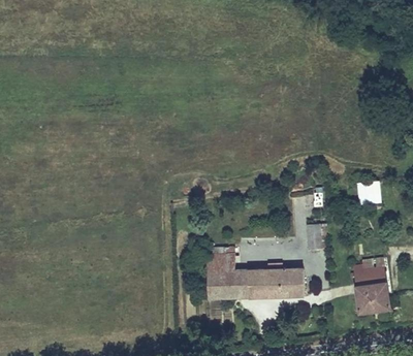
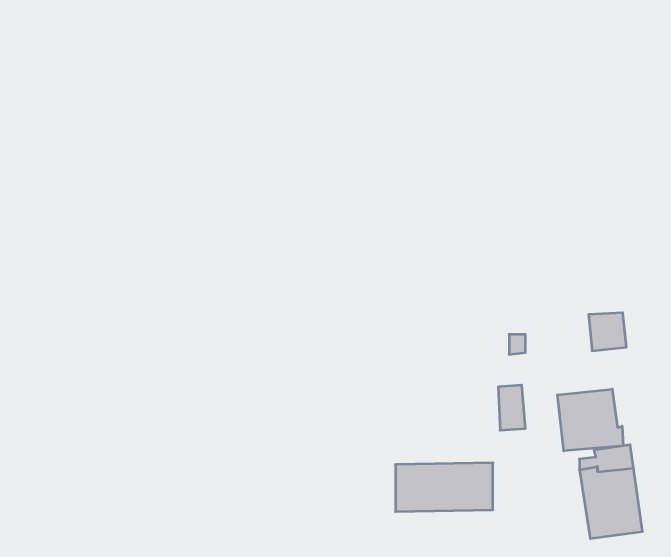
building: none -> [558,389,623,451]
building: [205,249,248,299] -> none

